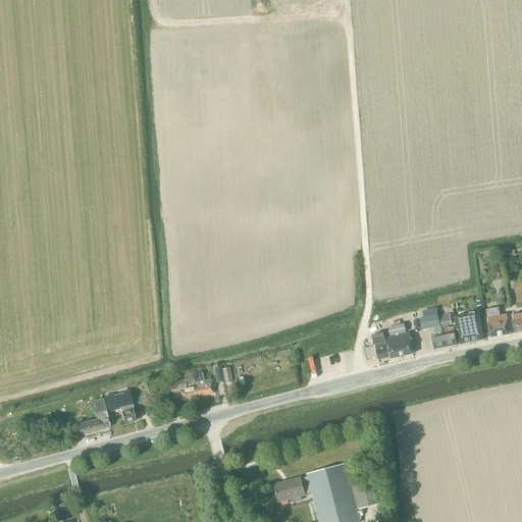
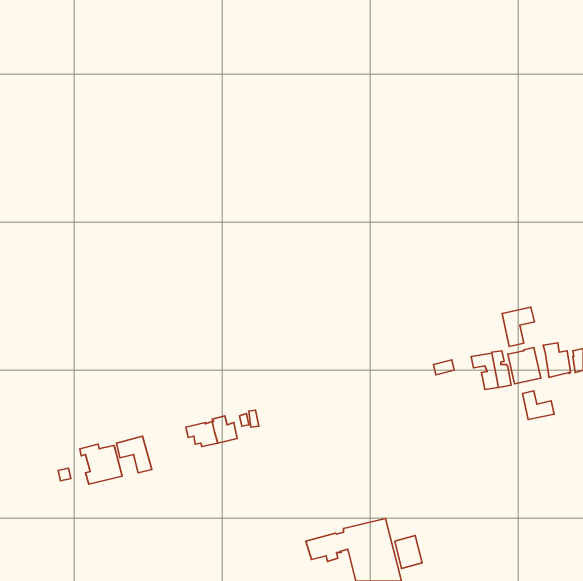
building: none -> [502,307,535,347]
building: [372,332,414,358] -> none
building: none -> [523,391,554,419]

